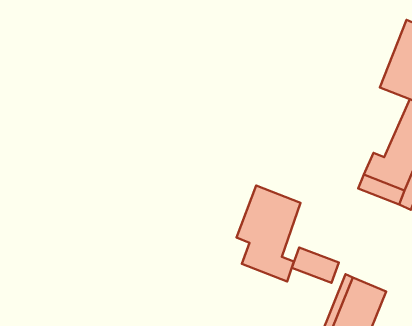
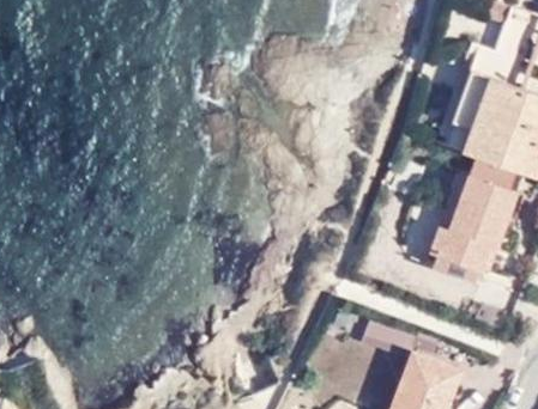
building: [237,186,301,282] -> none

